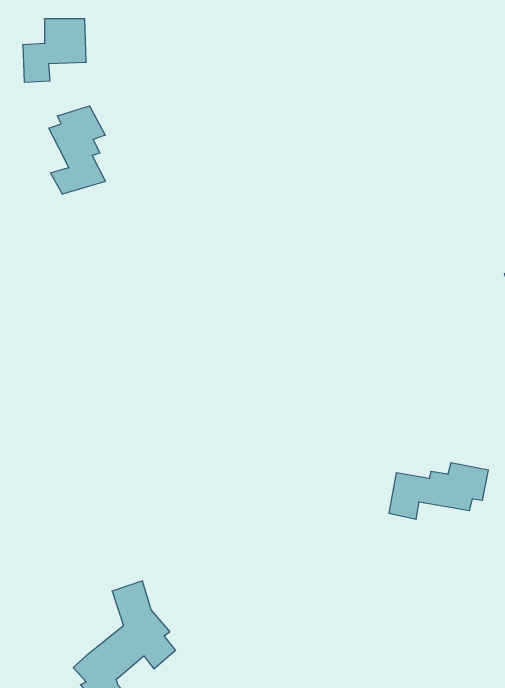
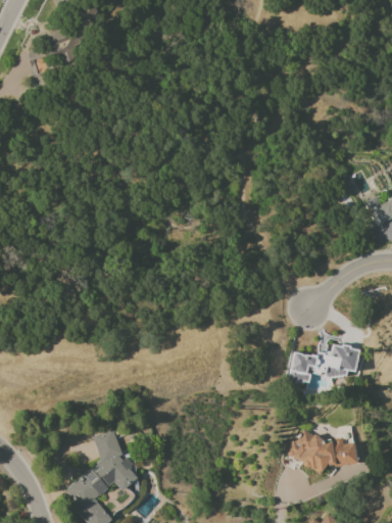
building: [49,106,105,194] -> none
building: none -> [289,434,357,468]

